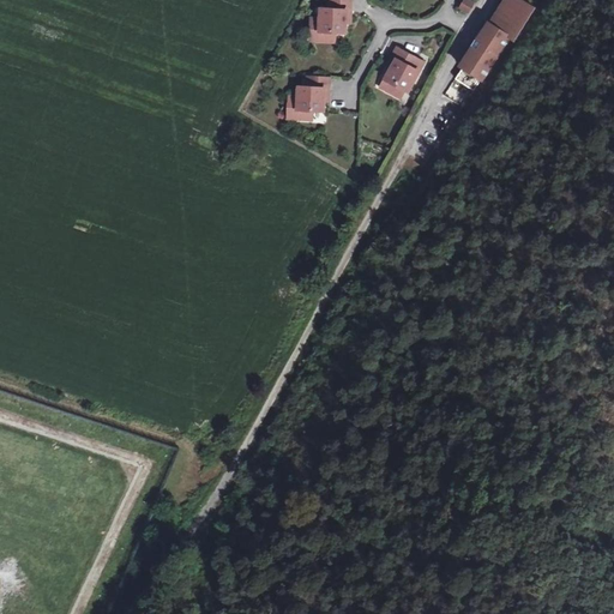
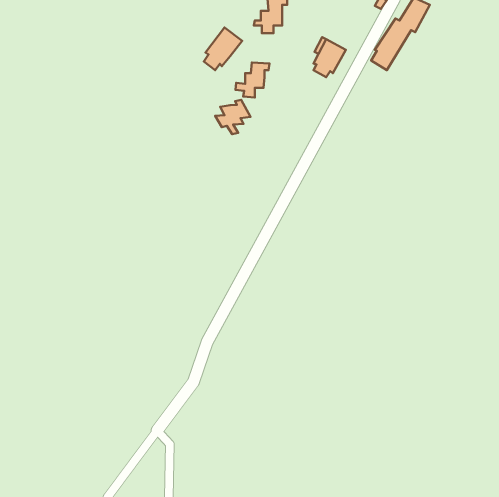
building: none -> [204,28,242,70]
building: none -> [215,100,251,134]

